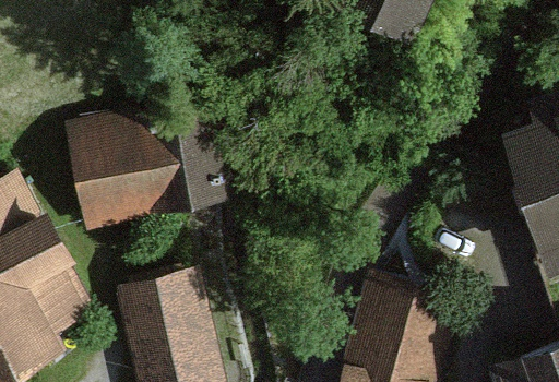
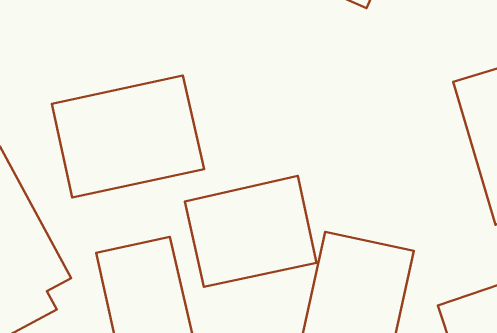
building: none -> [185,176,317,287]

